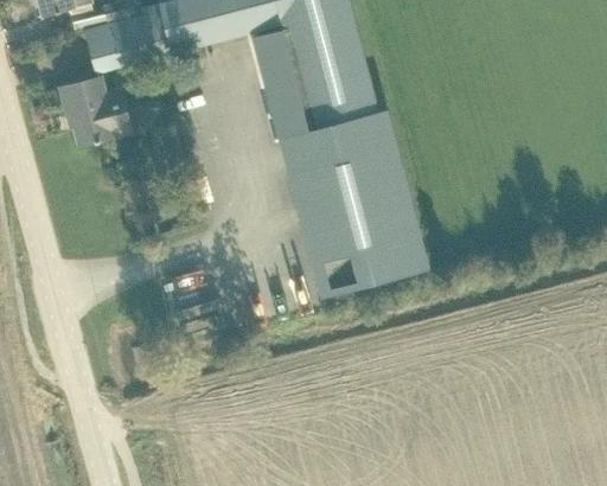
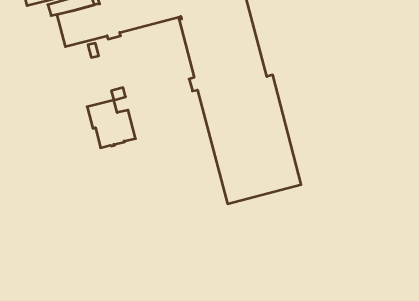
building: [58,78,127,146] -> [87,100,136,148]

